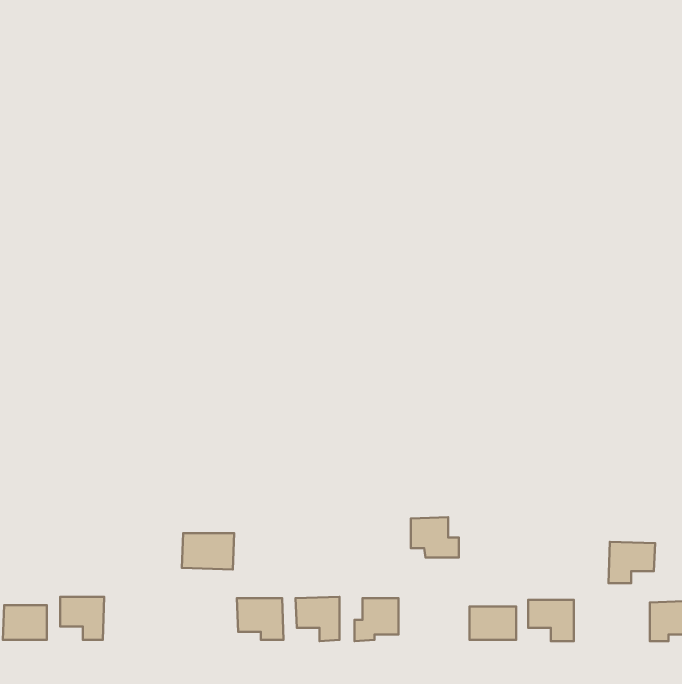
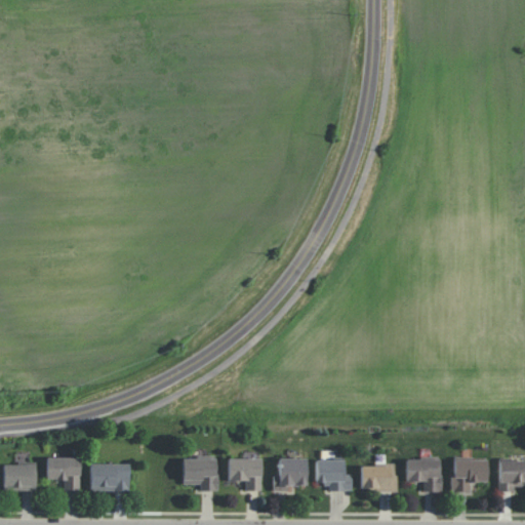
building: [411,517,459,557] -> [316,459,353,490]
building: [182,533,234,569] -> [90,463,130,491]
building: [608,542,655,583] -> [452,459,488,491]

